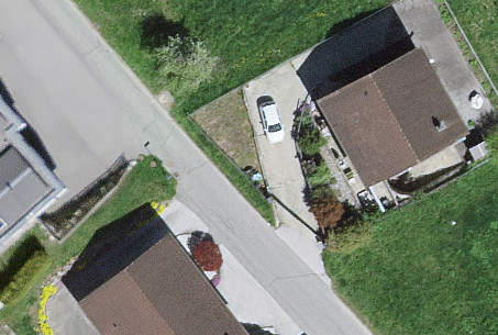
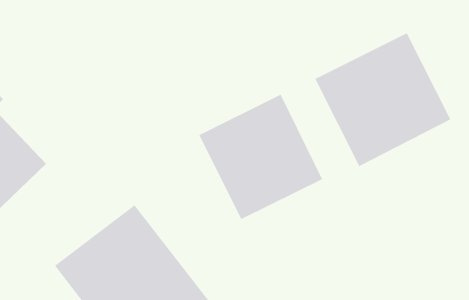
building: none -> [199,94,323,220]

